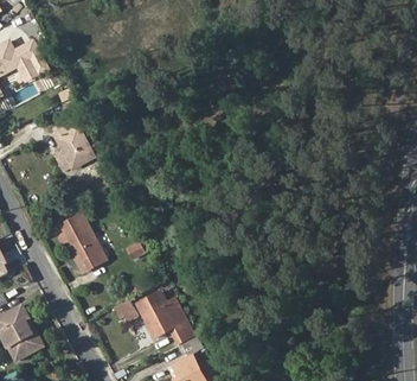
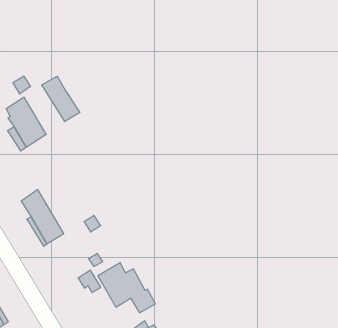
building: none -> [42,76,80,122]

